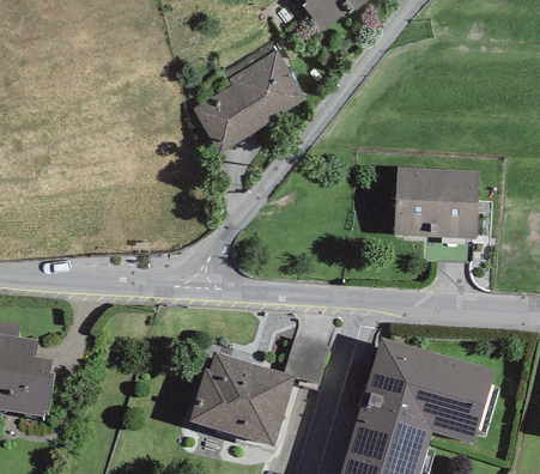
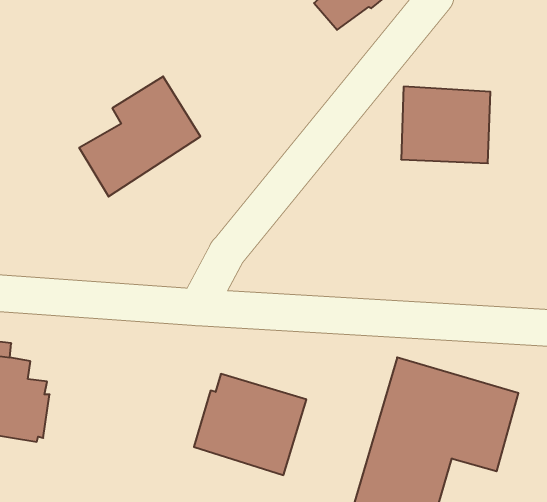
building: [192,42,305,154] -> [79,76,200,197]
building: [394,168,478,239] -> [401,87,490,163]

